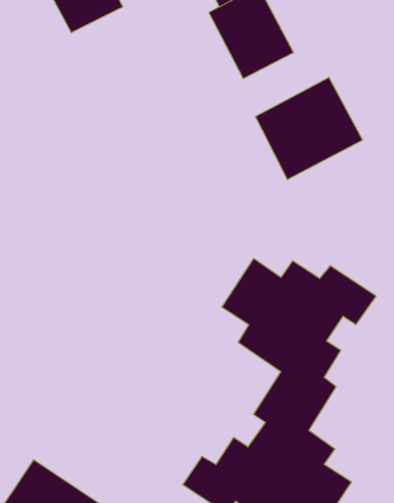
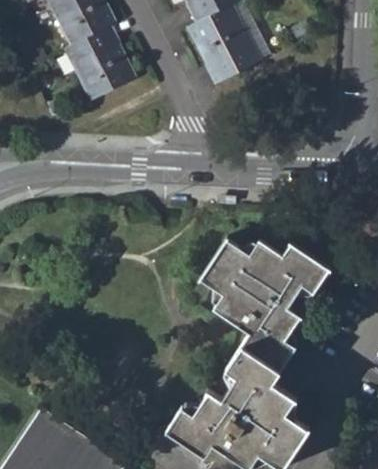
building: none -> [65,28,136,102]
building: [256,77,363,180] -> none

